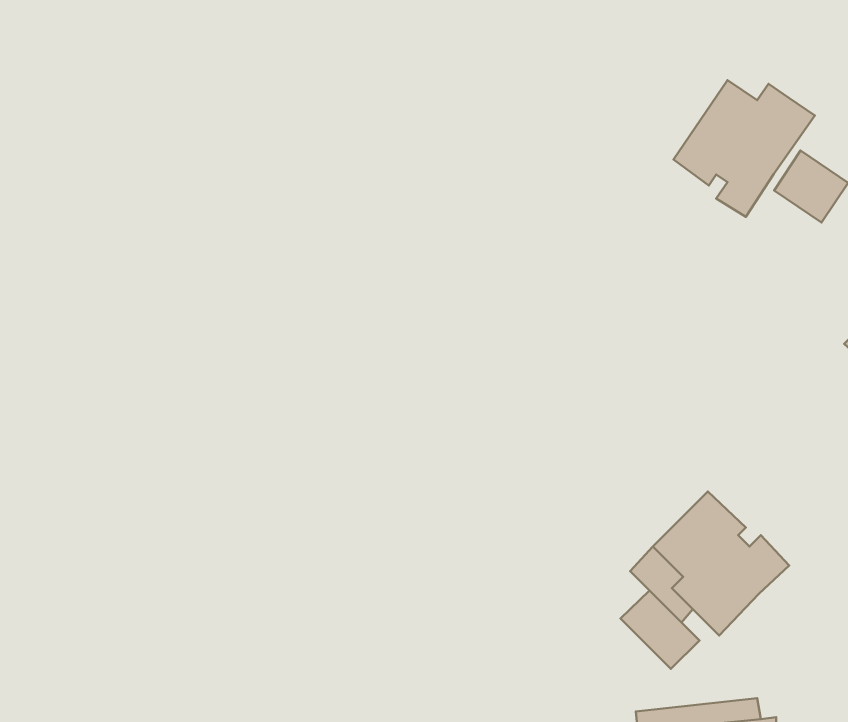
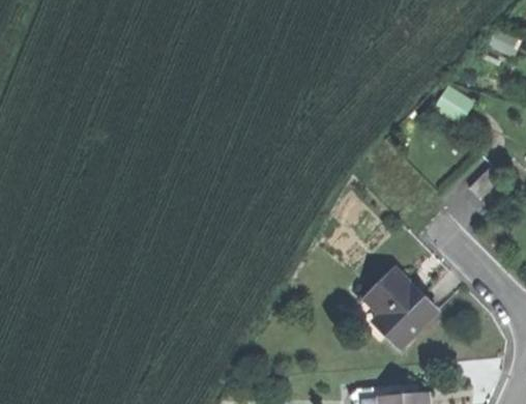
building: [674,80,815,217] -> none
building: [621,590,700,669] -> none

